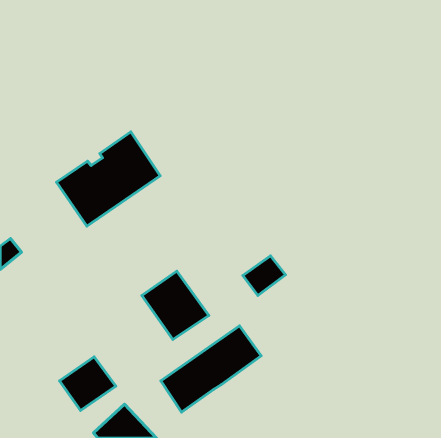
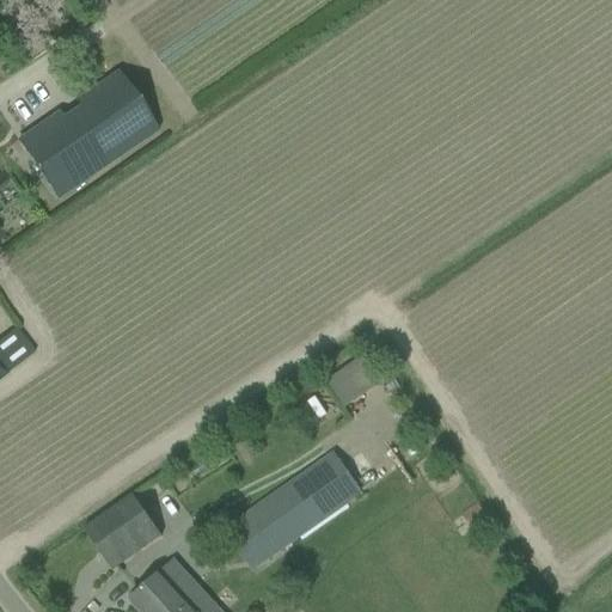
building: [57,132,160,226] -> [16,68,159,198]
building: [142,271,209,339] -> none

